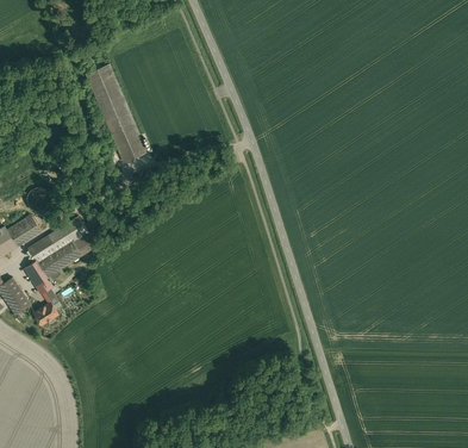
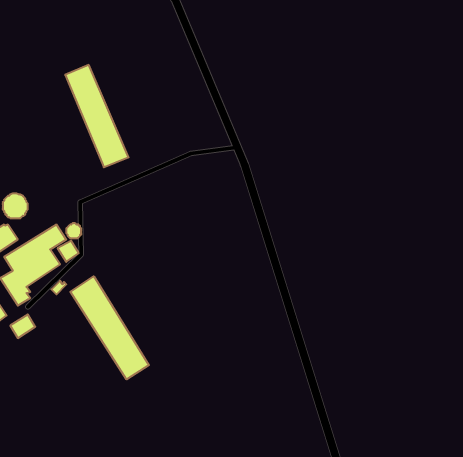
building: none -> [70,276,149,379]

